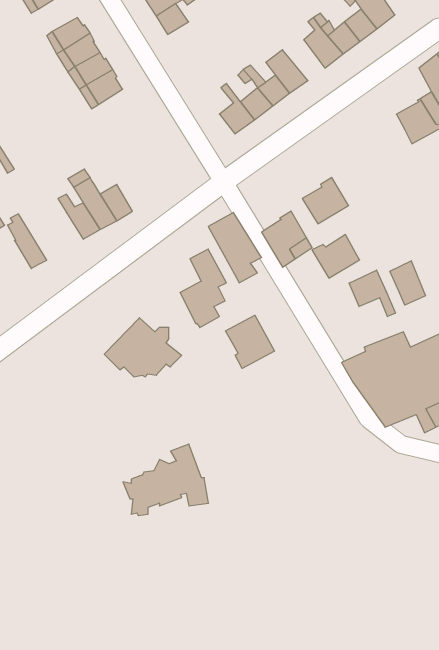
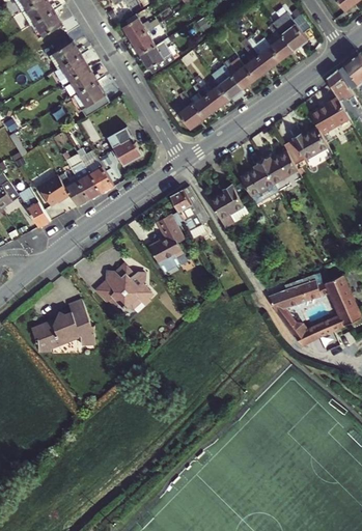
building: none -> [140,38,174,73]
building: none -> [222,58,256,89]
building: none -> [291,125,326,157]
building: none -> [108,127,144,166]
building: none -> [38,174,71,206]
building: [312,235,360,278] -> [261,149,297,181]
building: [390,261,425,305] -> none
building: [349,270,396,317] -> none
building: [225,315,275,368] -> none
building: [123,444,209,516] -> [32,300,95,353]

